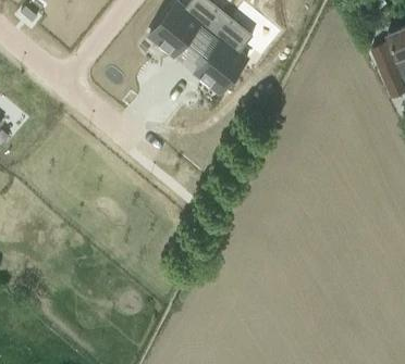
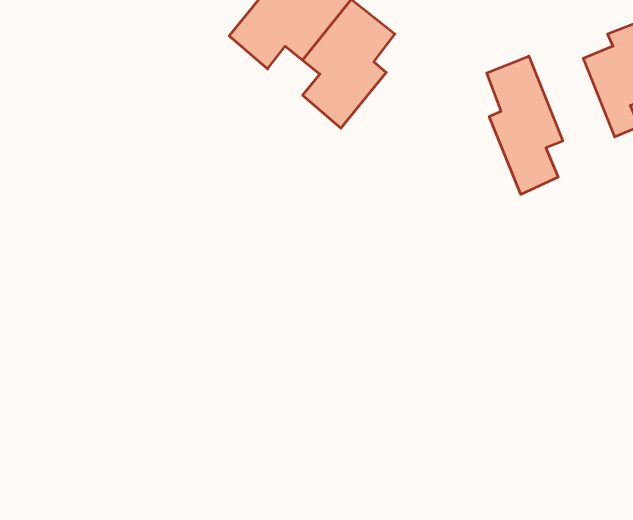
building: none -> [487,56,563,194]

